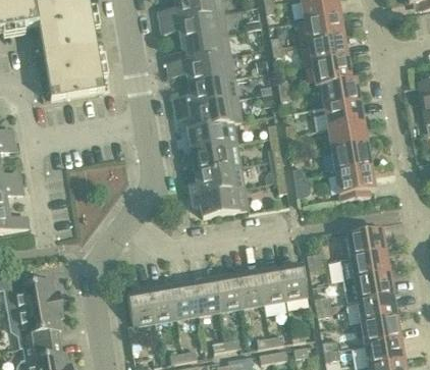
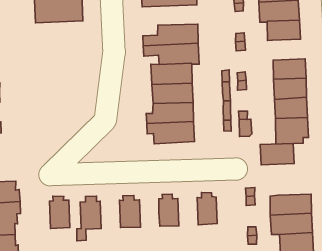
building: [169,56,234,85] -> none
building: [320,77,360,107] -> none
building: [345,229,386,258] -> [260,143,294,165]
building: [280,261,308,299] -> none
building: [237,268,264,307] -> none
building: [195,275,221,314] -> none
building: [151,283,177,321] -> [50,196,70,229]

